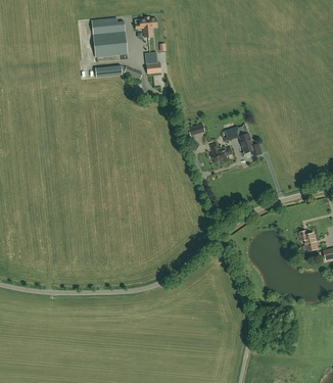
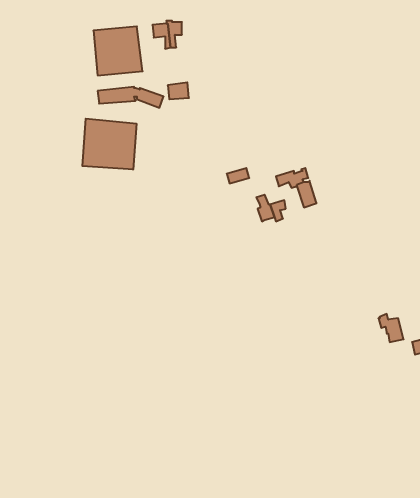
building: none -> [82,119,136,170]

